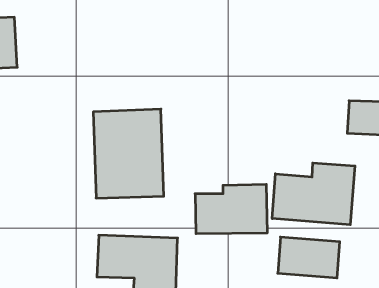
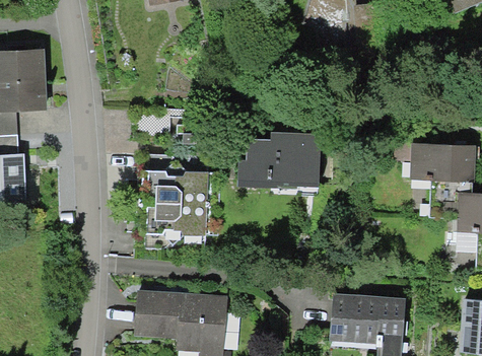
building: [272,163,355,225] -> none
building: [195,184,267,234] -> [242,131,321,185]

